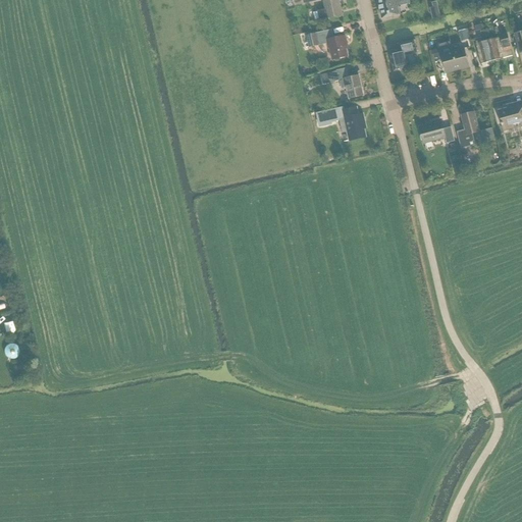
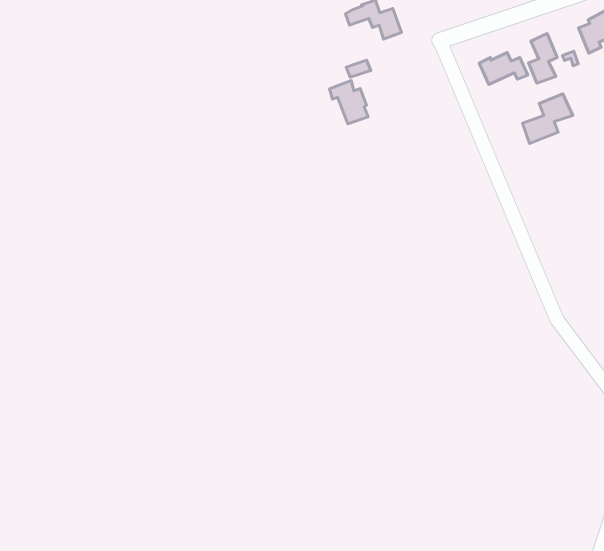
building: [338,106,365,139] -> [330,81,368,124]
building: none -> [523,94,573,143]

